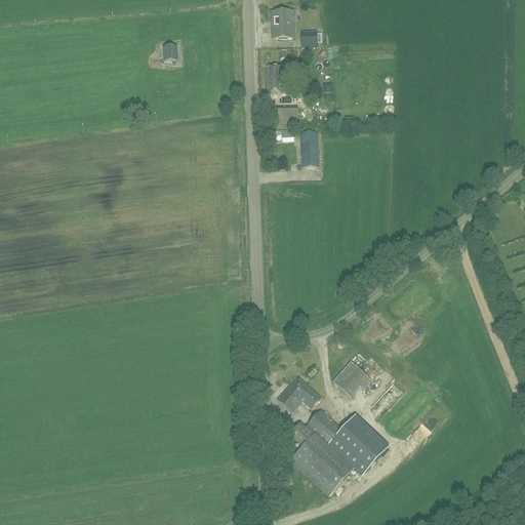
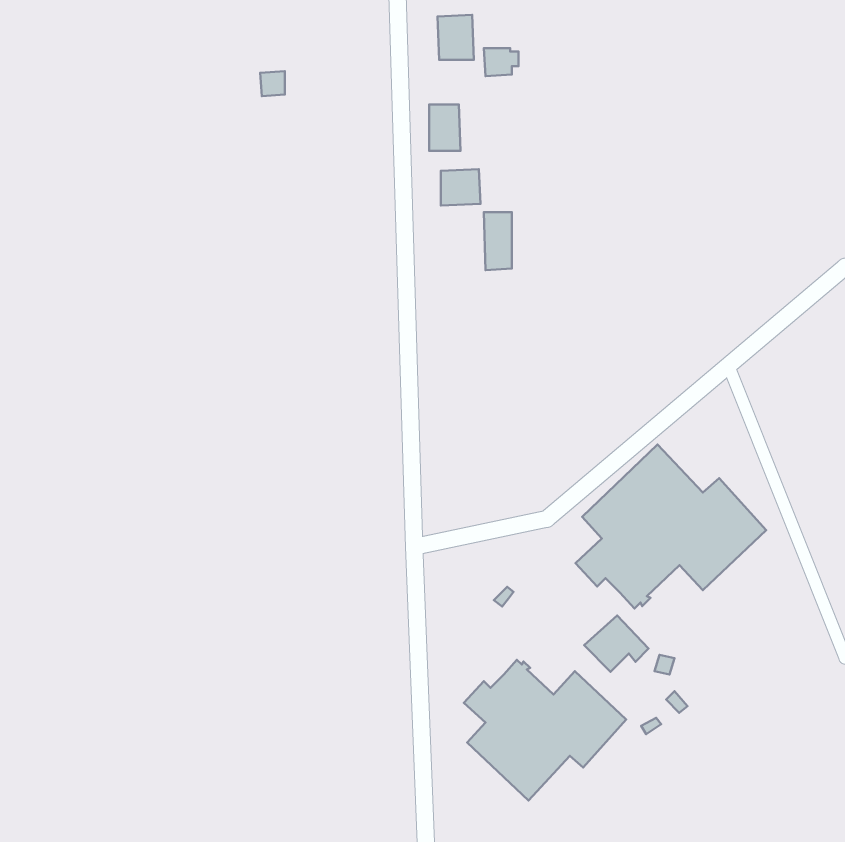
building: none -> [575,444,766,609]
building: [333,359,373,394] -> [584,615,649,672]
building: [276,376,321,412] -> none

